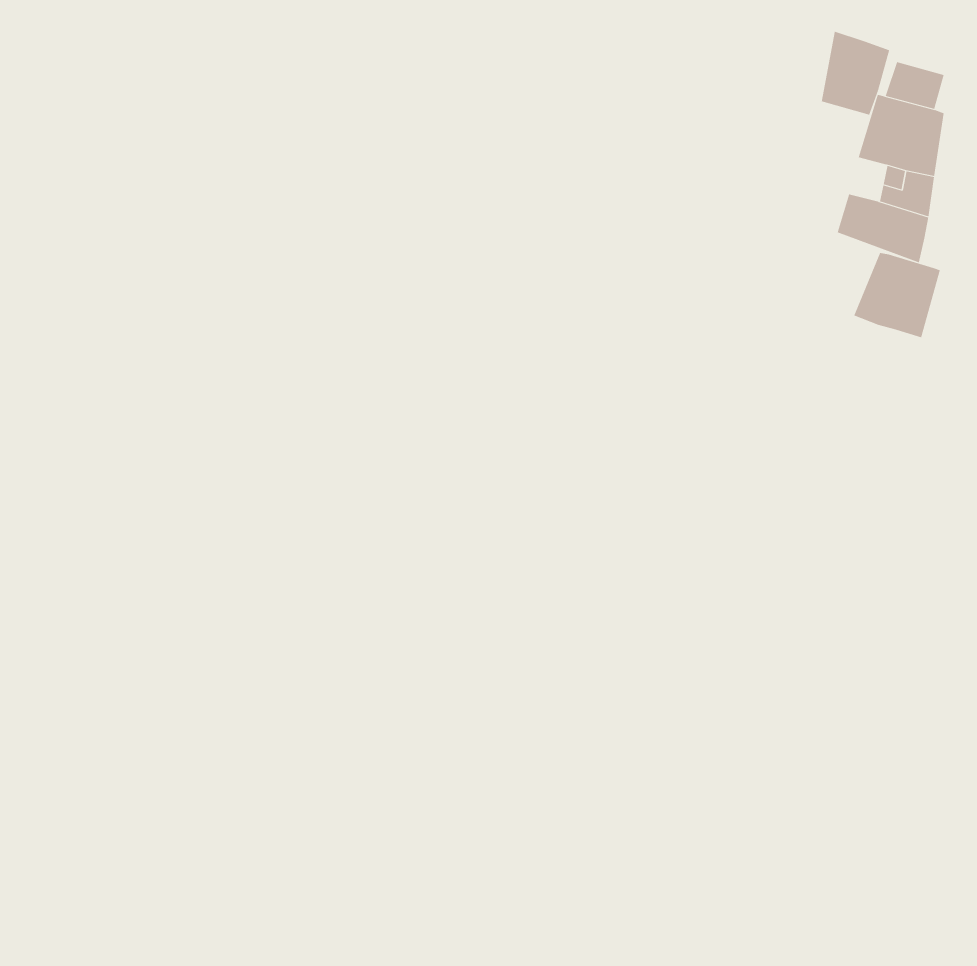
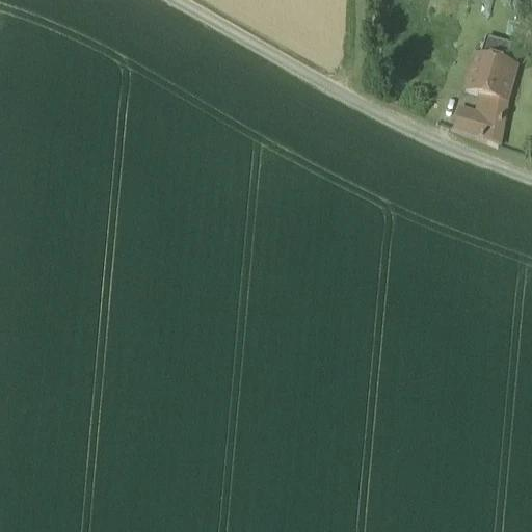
building: [821,31,890,115] -> none
building: [853,252,940,338] -> none

